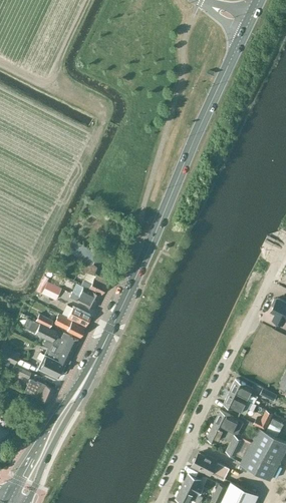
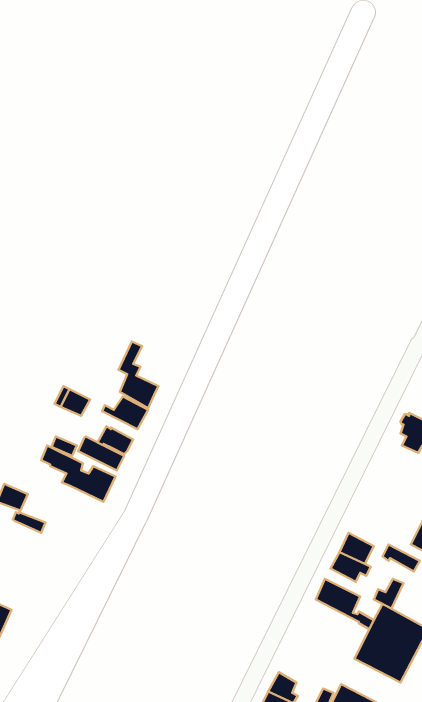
building: [37,348,70,379] -> none
building: [24,380,53,403] -> none
building: [207,425,243,456] -> none
building: [192,452,229,480] -> none

